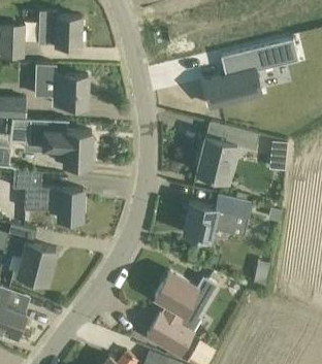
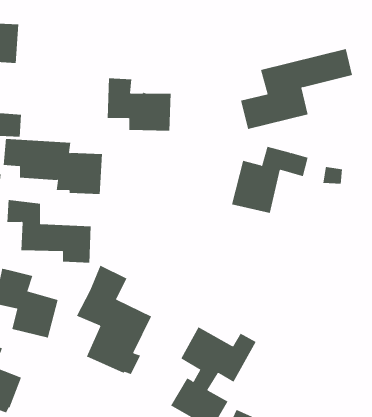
building: [38,11,81,46] -> none
building: [35,64,88,107] -> [107,78,172,131]
building: [183,194,252,240] -> none
building: none -> [76,265,152,375]

